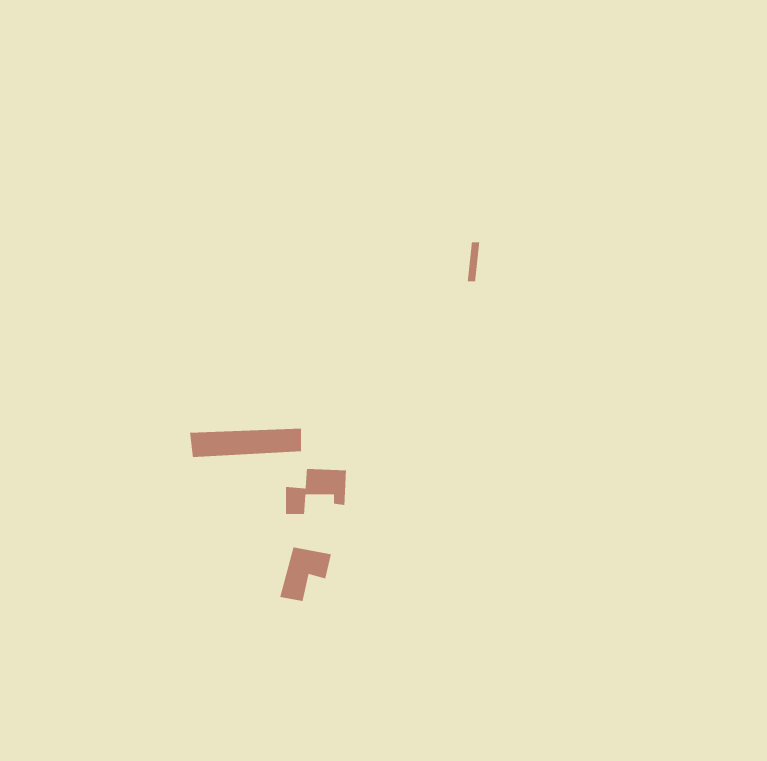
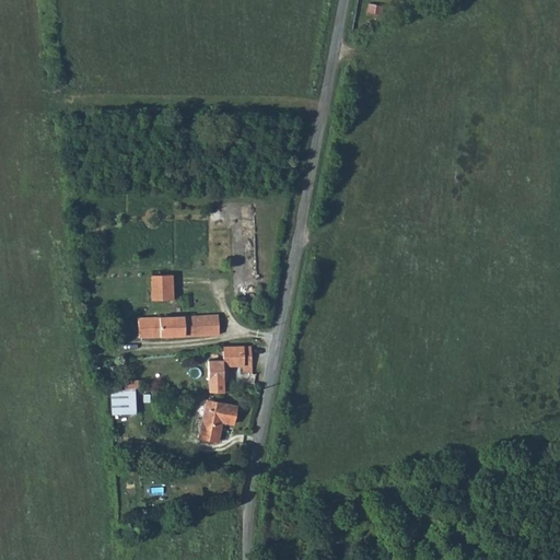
building: none -> [148,280,170,304]
building: none -> [109,386,137,413]

